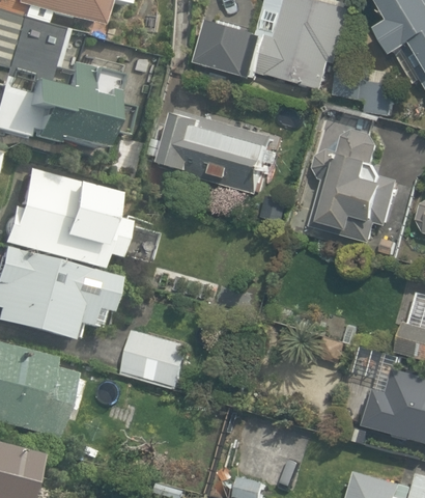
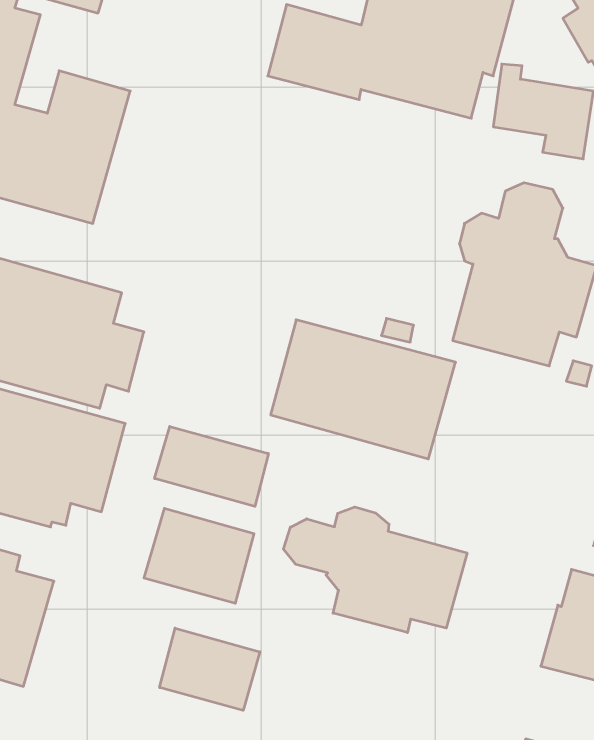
building: [161,110,274,195] -> [271,320,456,459]
building: none -> [155,426,268,506]
building: none -> [283,507,467,633]
building: none -> [160,628,260,710]

